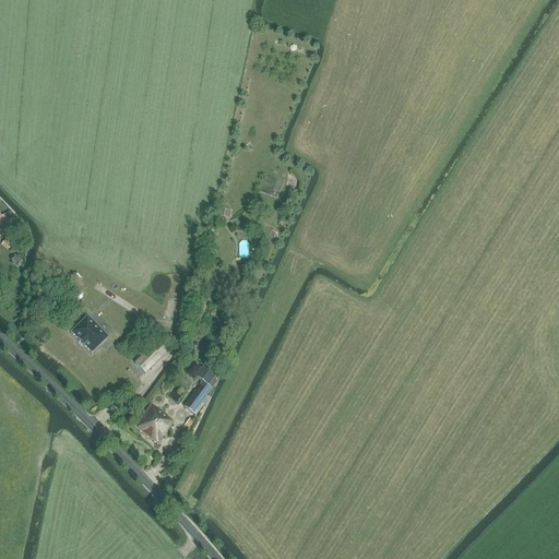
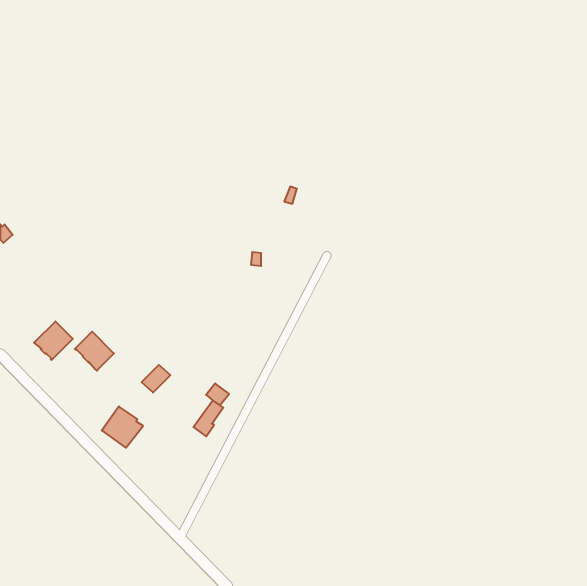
building: none -> [34,321,73,360]
building: [135,403,175,442] -> [102,406,143,448]

